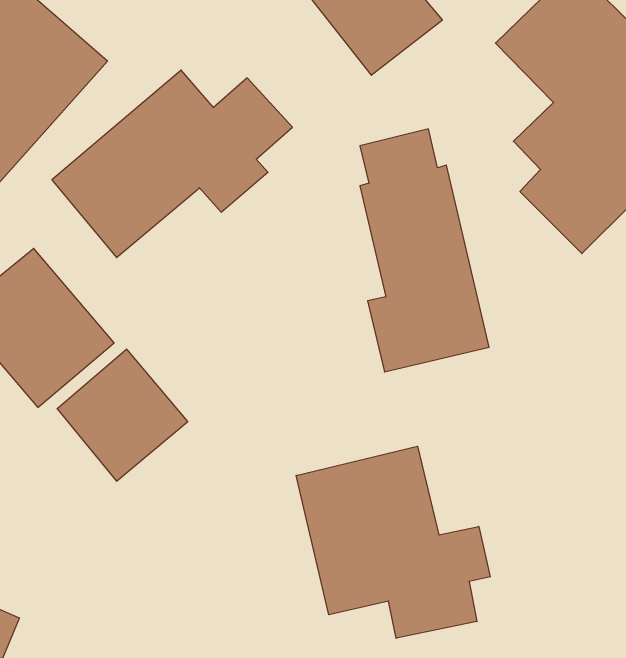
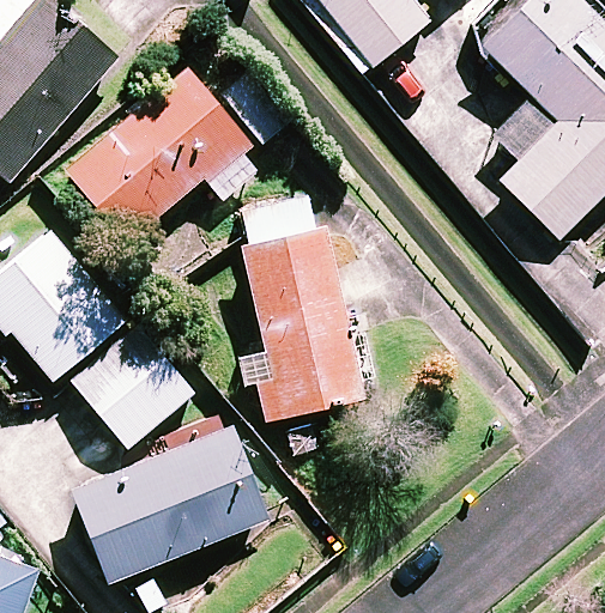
building: [360,129,489,372] -> [242,194,362,419]
building: [296,446,490,638] -> none
building: none -> [72,427,266,582]

